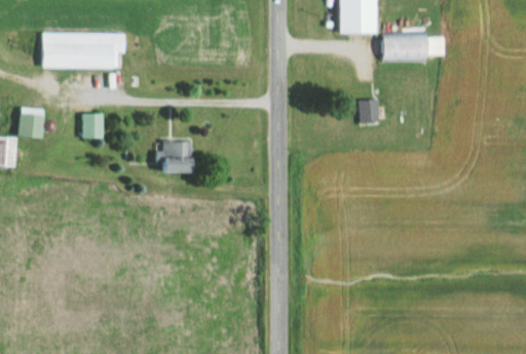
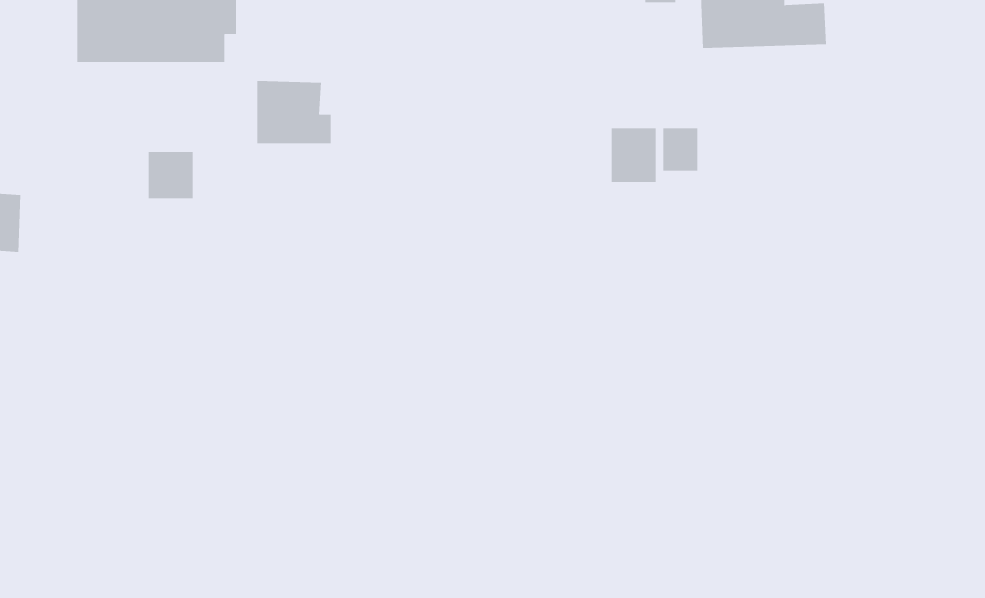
building: none -> [611,127,656,183]
building: [20,107,47,136] -> none
building: [160,140,199,172] -> [256,80,332,144]

